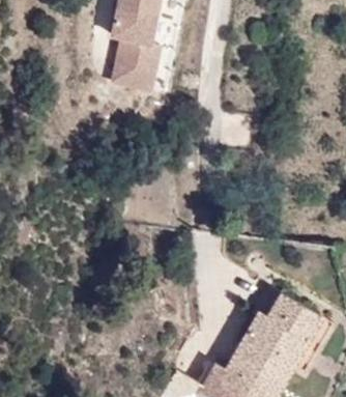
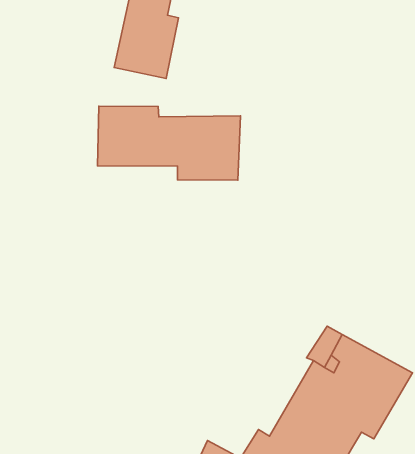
building: none -> [98,106,240,180]

